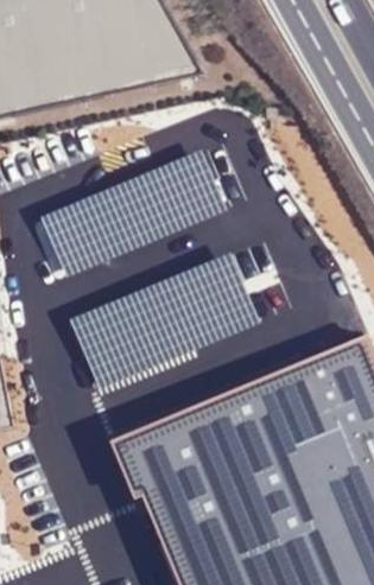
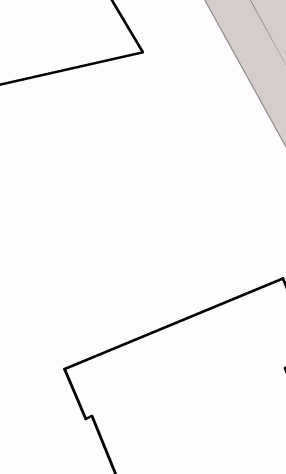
building: [38,151,224,278] -> none
building: [68,253,259,389] -> none

